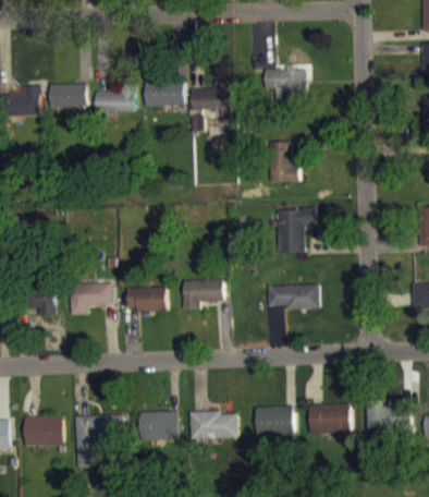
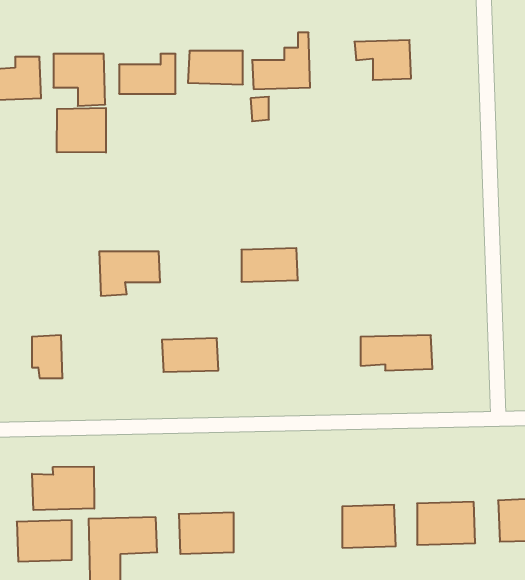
building: none -> [57,108,106,153]
building: [269,142,298,182] -> none
building: [277,209,315,253] -> none
building: [184,279,224,303] -> [241,248,298,282]
building: [70,283,113,315] -> [99,251,160,296]
building: none -> [32,467,94,510]
building: [188,412,237,439] -> none

